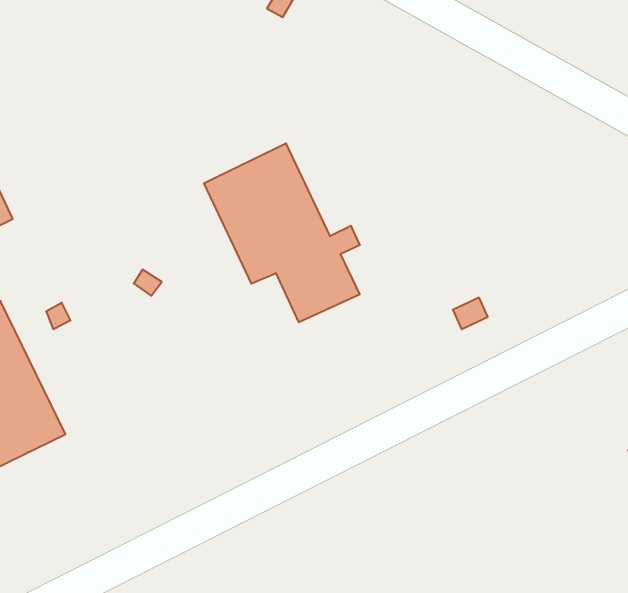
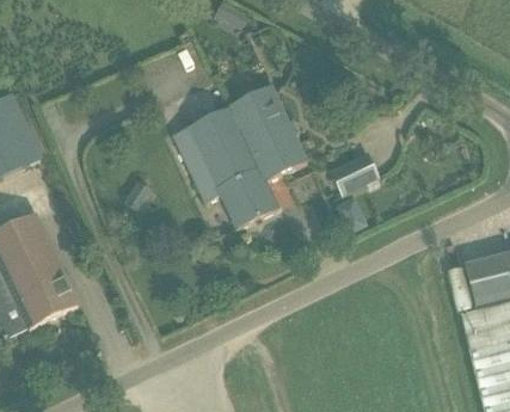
building: none -> [228,85,308,174]
building: none -> [330,153,377,193]

